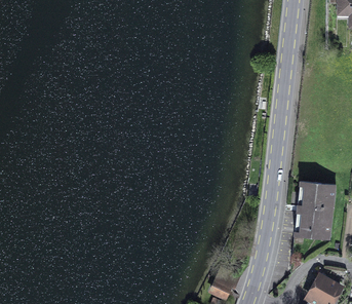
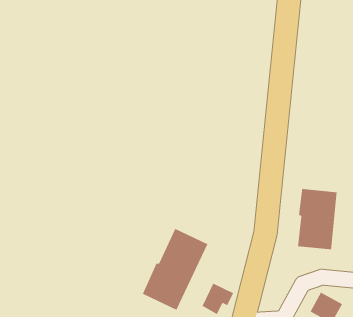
building: none -> [142,228,209,311]

